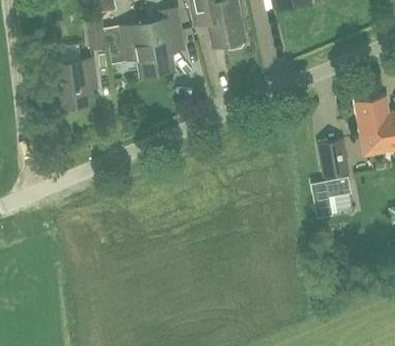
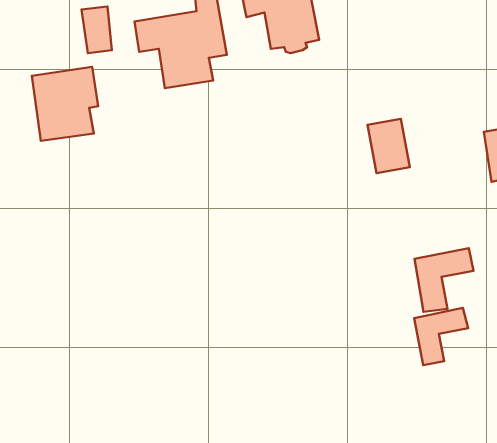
building: [318,139,347,176] -> [367,119,410,173]
building: none -> [414,308,468,365]

